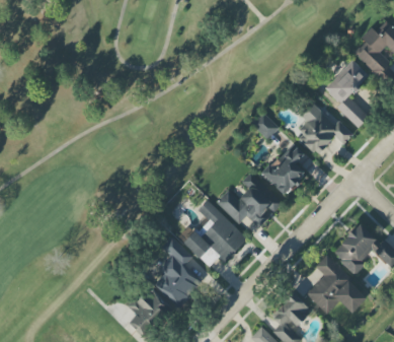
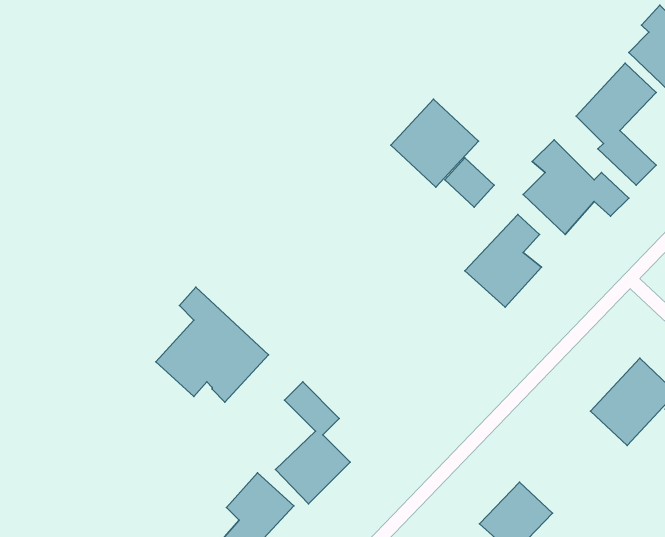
building: none -> [391,99,478,187]
building: [217,172,283,228] -> none
building: [184,200,247,264] -> [156,287,269,402]
building: [306,255,368,314] -> none

